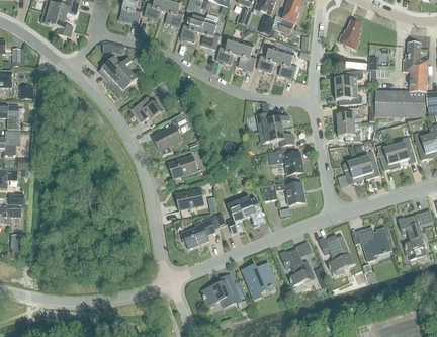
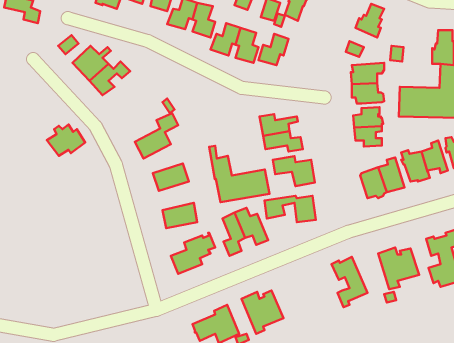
building: [277,50,296,79] -> none
building: [130,95,163,121] -> [47,125,85,156]
building: none -> [209,146,269,202]
building: [280,244,314,285] -> none

